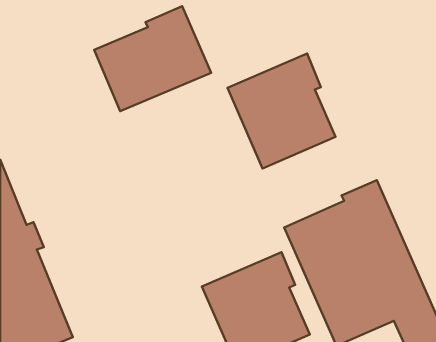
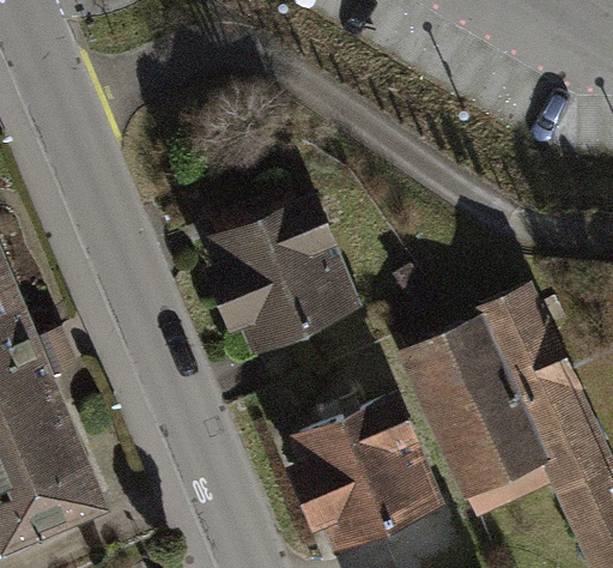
building: [94,6,211,111] -> none
building: [227,54,336,169] -> [202,189,353,350]

